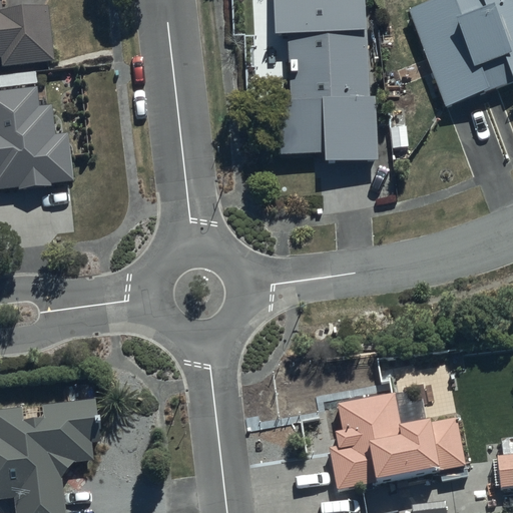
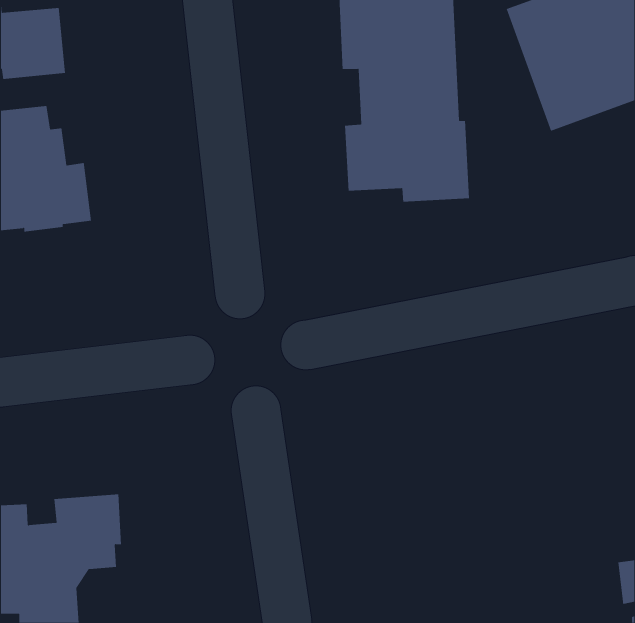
building: [330,392,467,488] -> none

